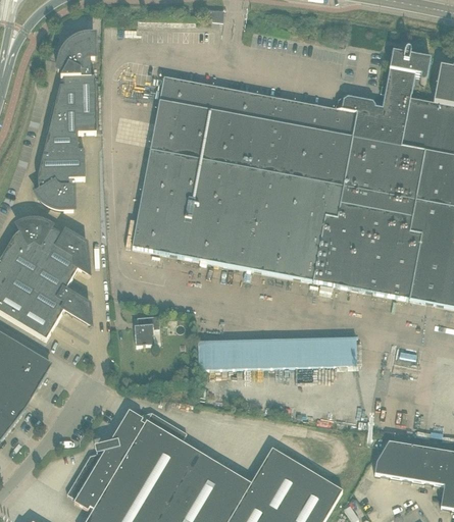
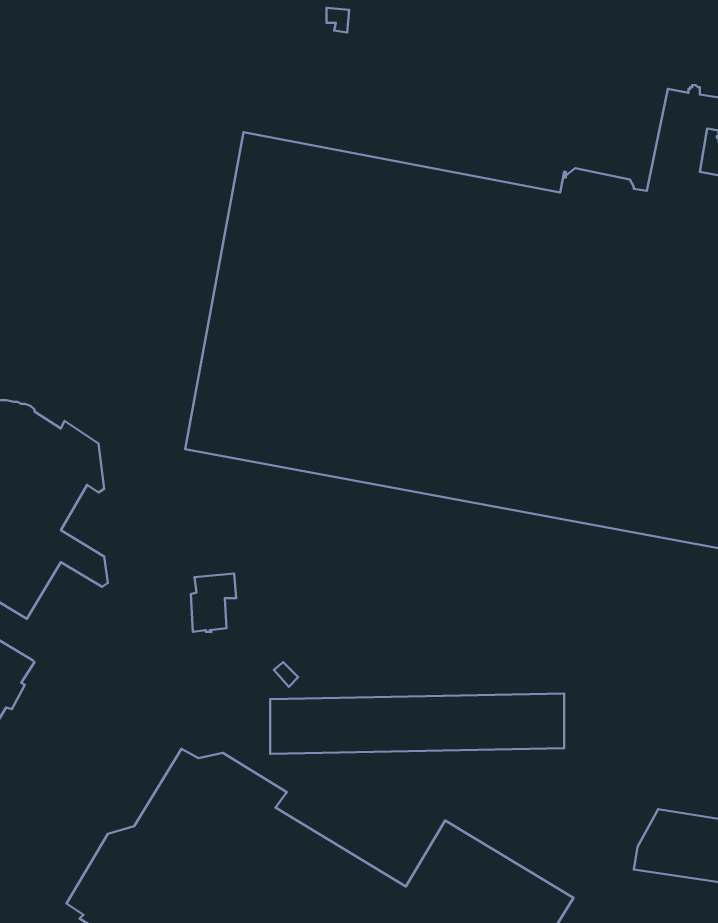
building: [36,35,96,209] -> none
building: [198,335,357,368] -> [270,693,564,754]

